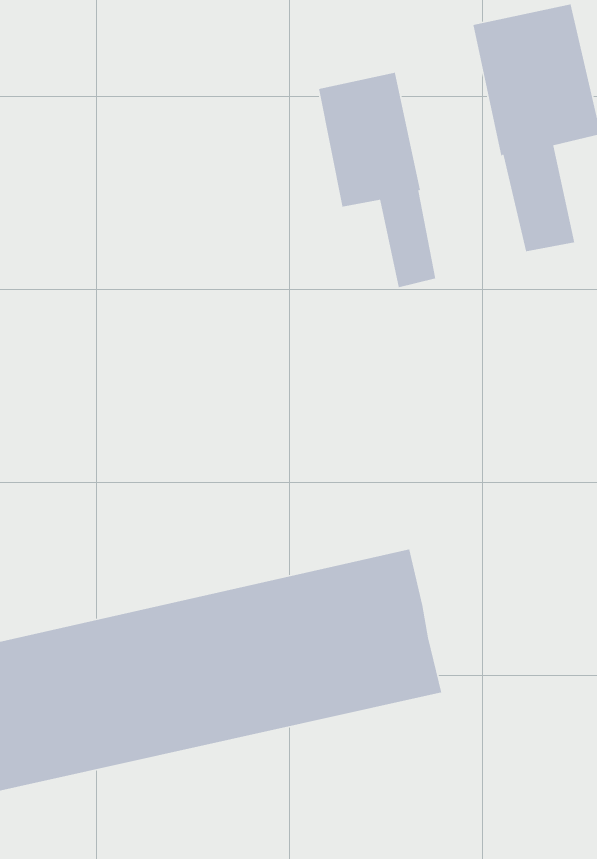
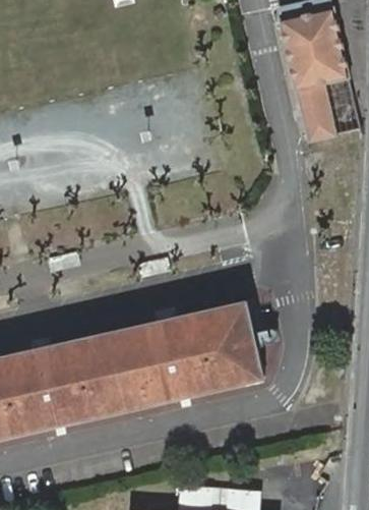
building: [318,72,436,288] -> none

